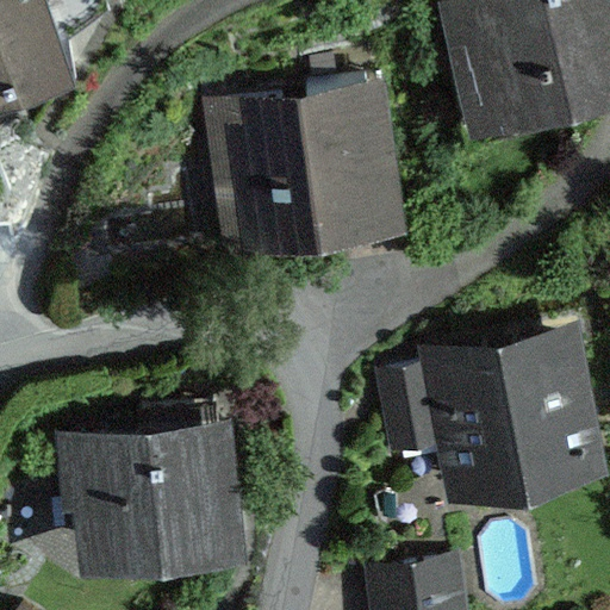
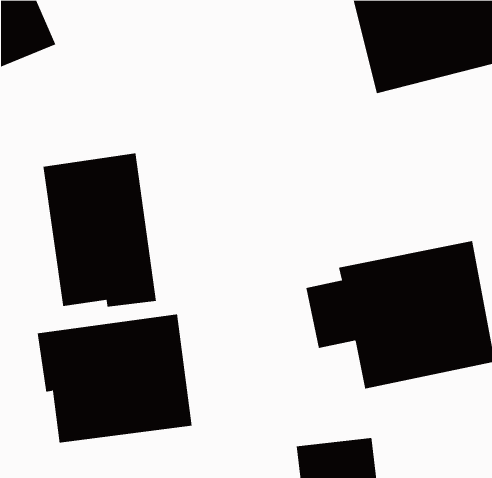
building: [206,74,417,253] -> none
building: none -> [43,152,156,308]

